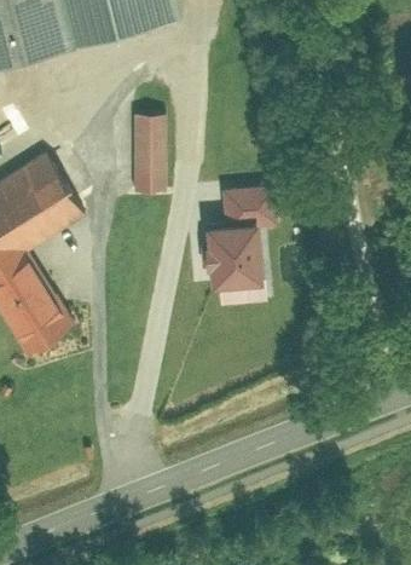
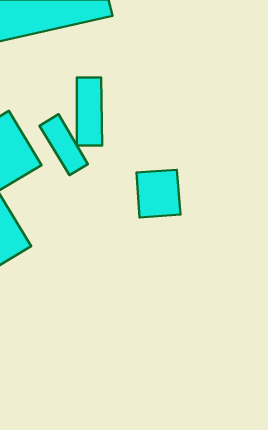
building: none -> [40,114,88,175]
building: [225,190,277,227] -> none

